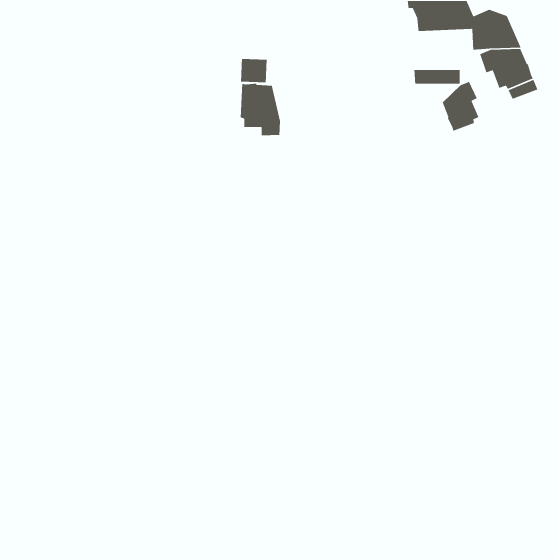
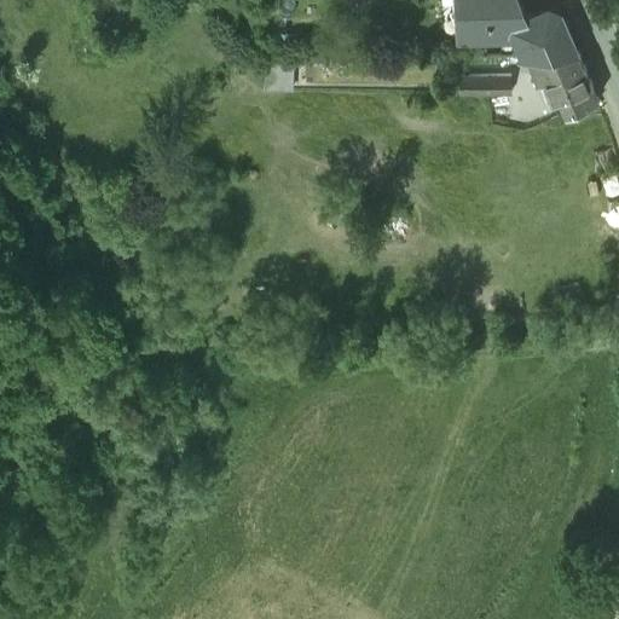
building: [442,81,479,132] -> none
building: [240,83,281,136] -> none

